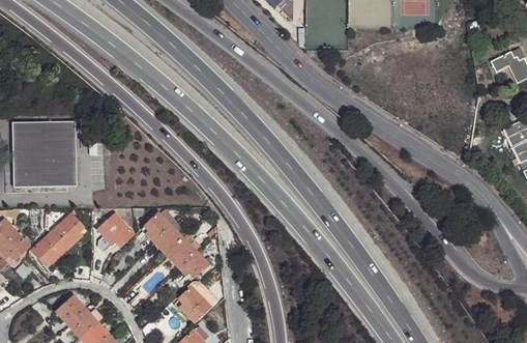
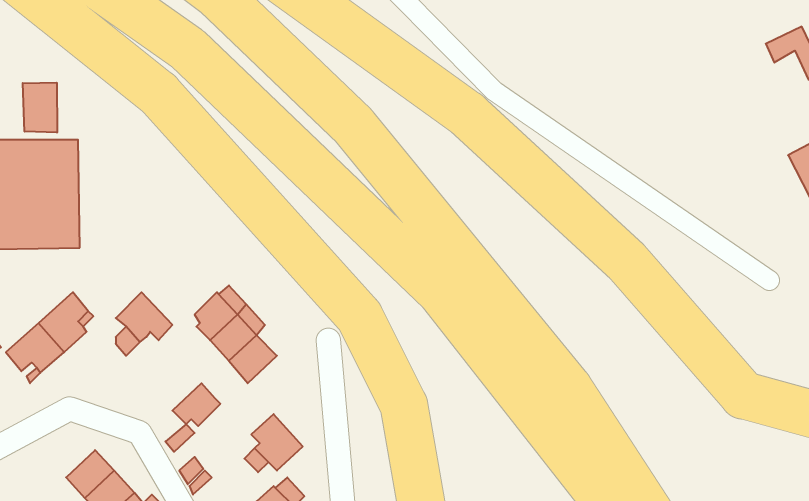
building: none -> [23,83,57,133]
building: [177,251,206,277] -> [172,383,220,426]
building: [56,295,85,324] -> none

